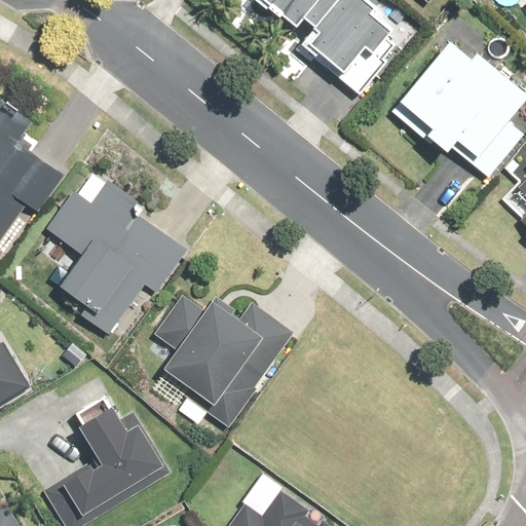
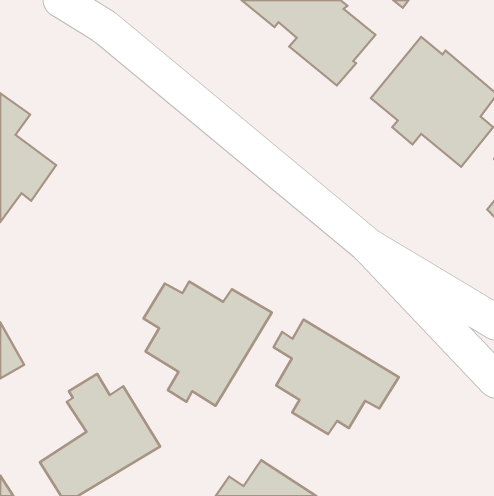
building: [45,172,185,333] -> none
building: none -> [274,320,399,434]

